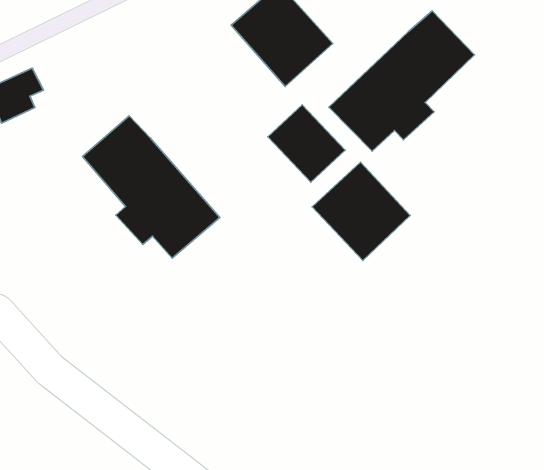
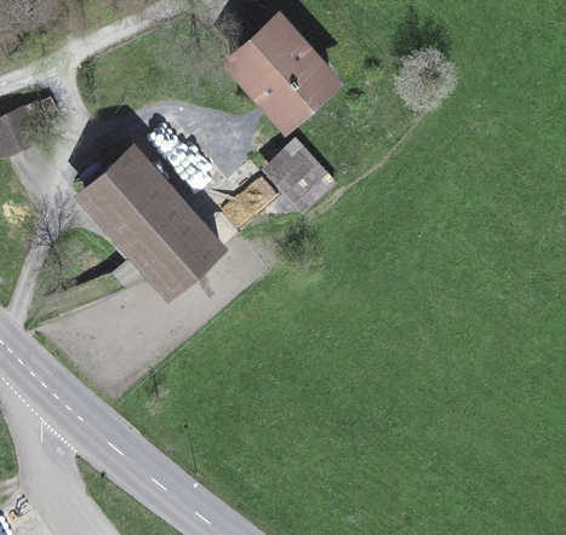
building: [329,11,474,151] -> none
building: [312,162,410,261] -> none

